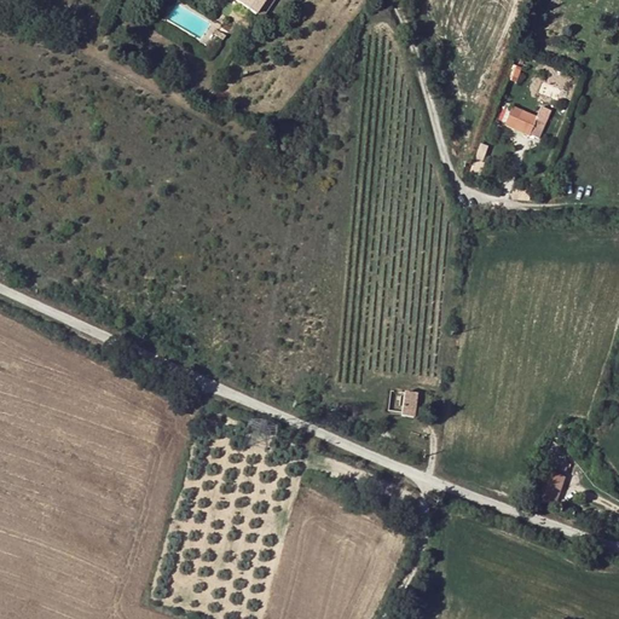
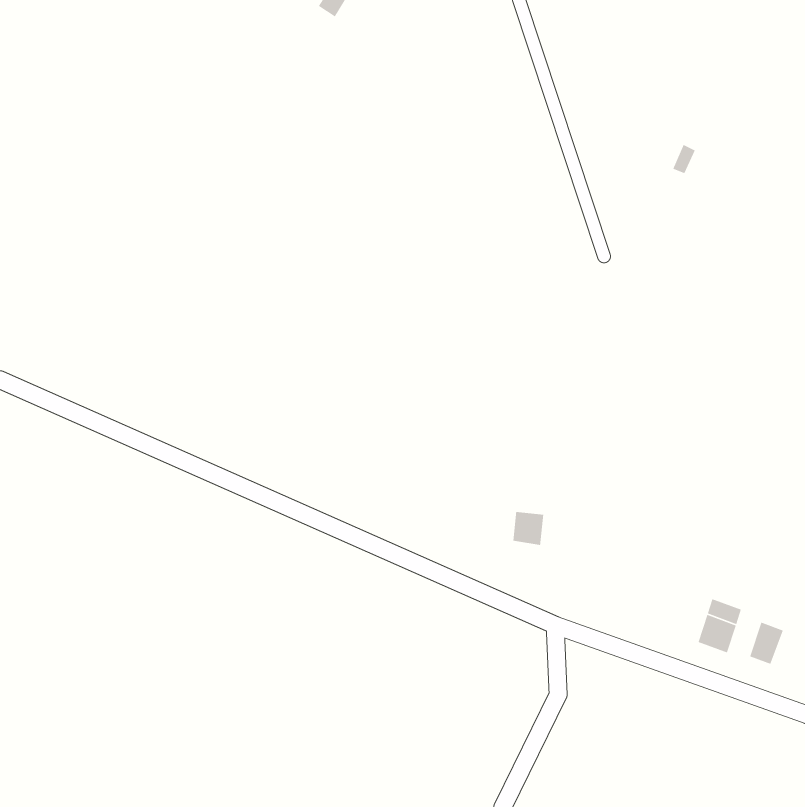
building: none -> [749,621,784,665]

